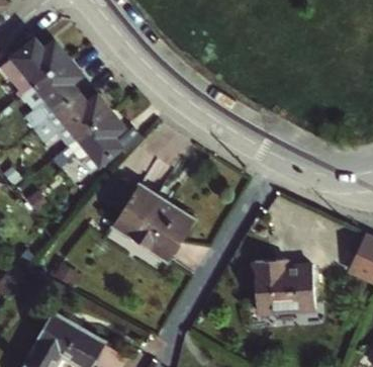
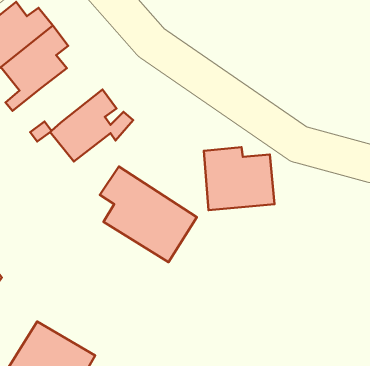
building: [60,95,111,142] -> none
building: [253,258,313,311] -> [204,147,275,210]

